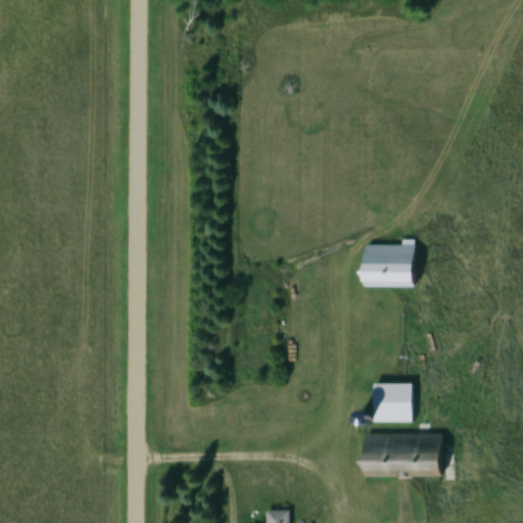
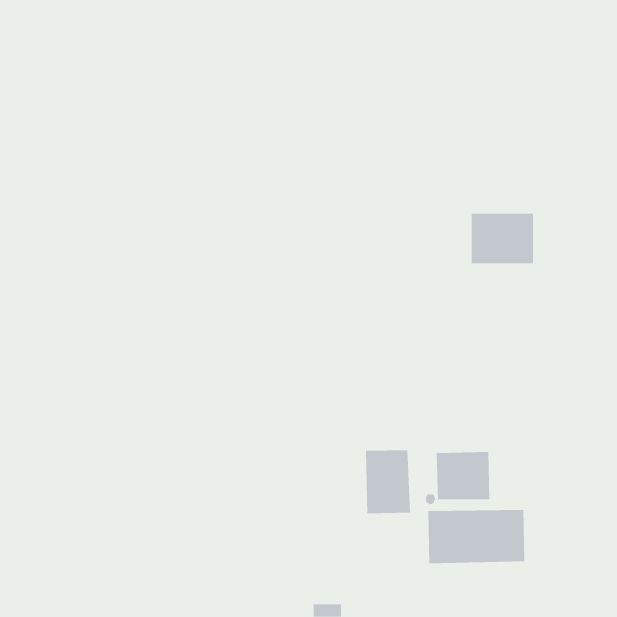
building: [361,244,414,287] -> [471,213,534,264]
building: none -> [365,449,410,514]

